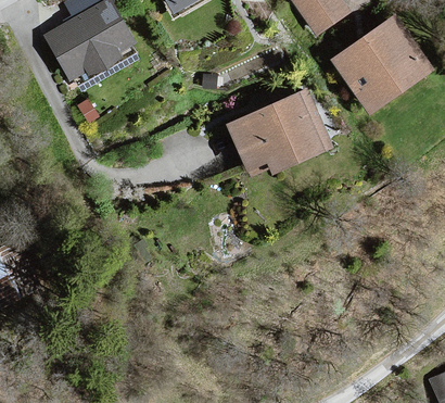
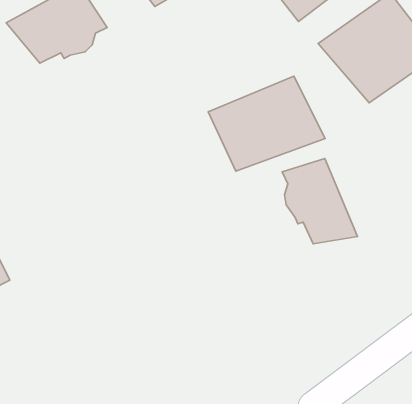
building: none -> [282,159,357,244]

